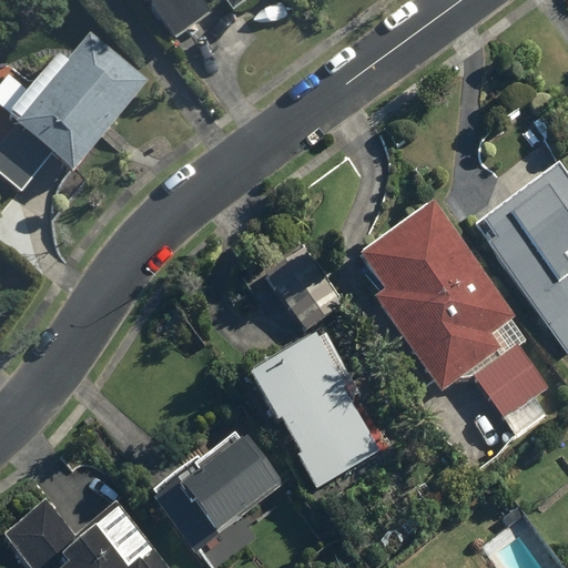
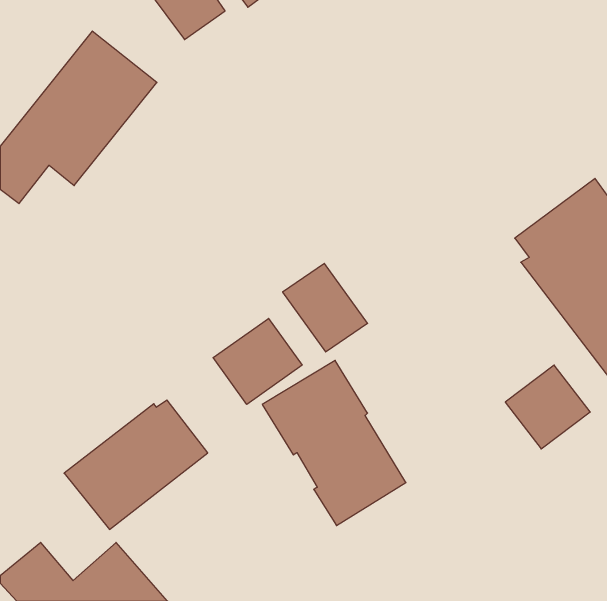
building: [357,200,517,389] -> none
building: none -> [213,318,302,404]
building: [152,432,285,551] -> [64,400,208,529]

